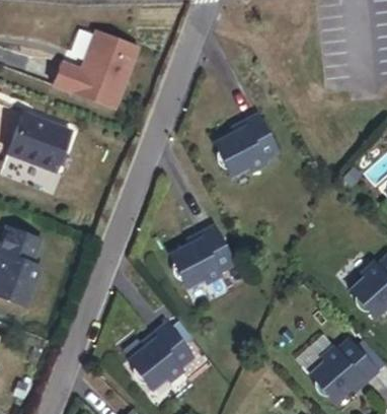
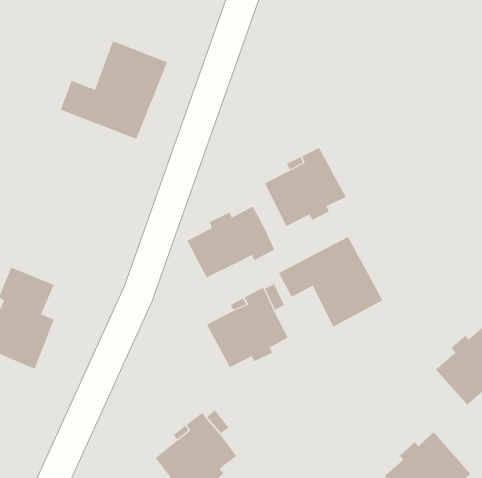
building: [8,117,70,175] -> none
building: none -> [186,206,275,278]
building: none -> [278,236,383,328]

